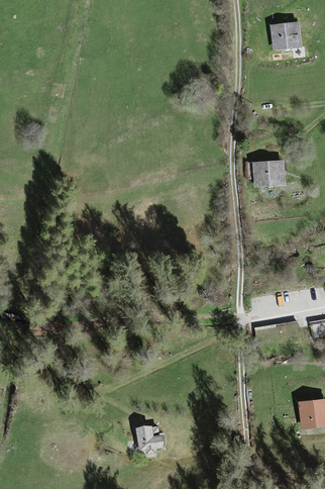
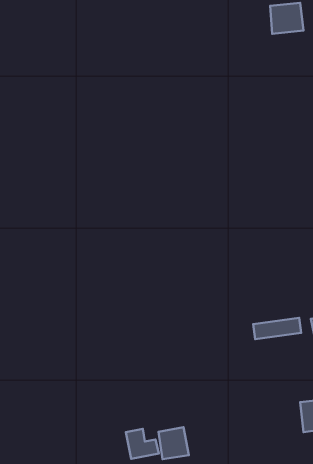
building: [252,159,286,189] -> none
building: none -> [158,427,189,459]

